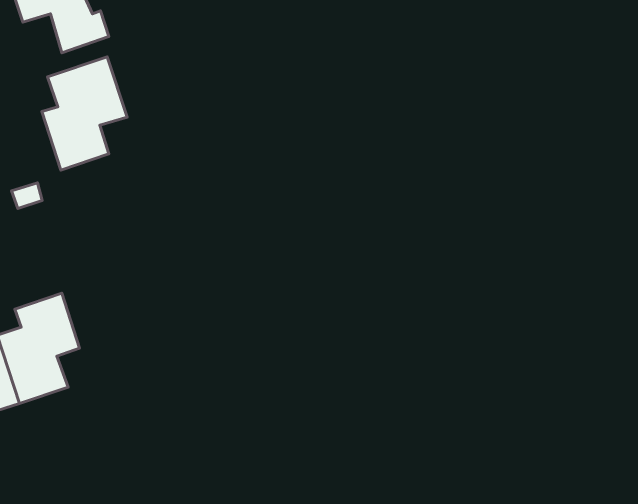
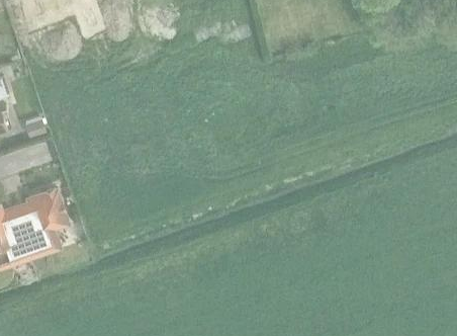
building: [42,57,127,170] -> none

